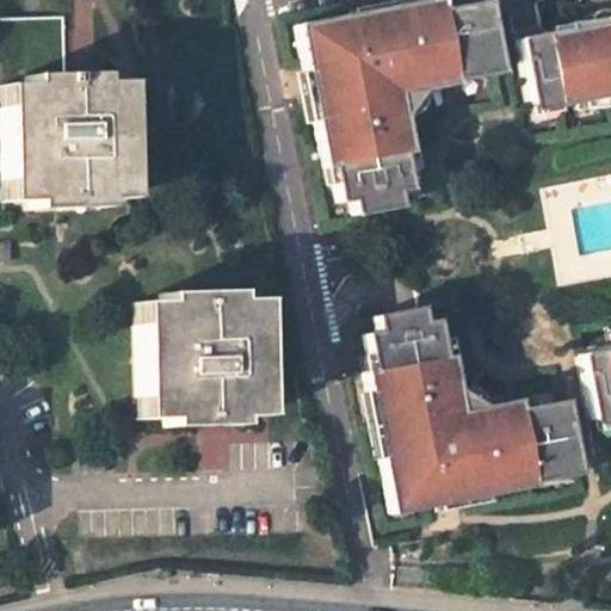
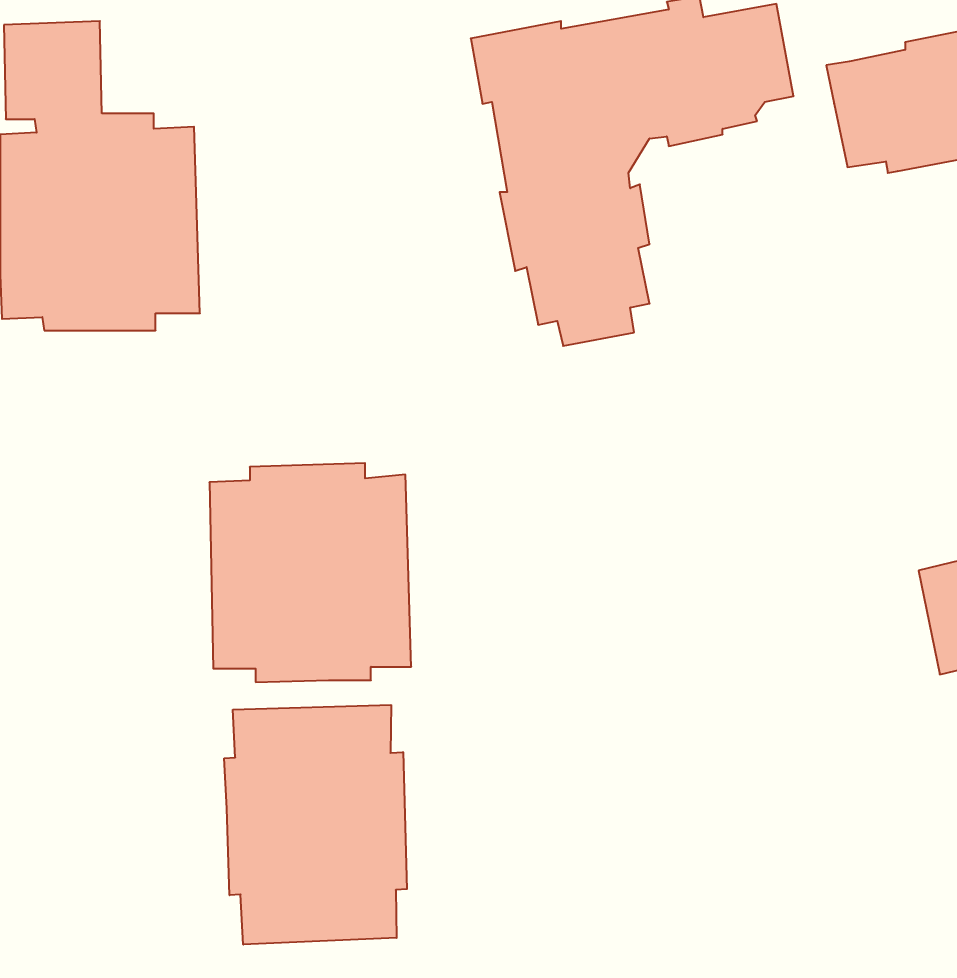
building: [372,308,584,513] -> none
building: none -> [224,705,407,945]

